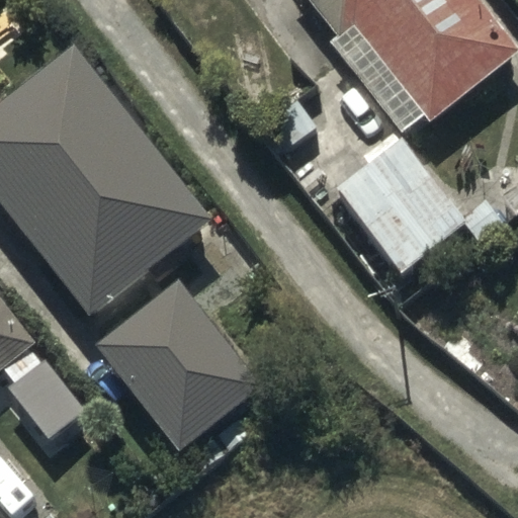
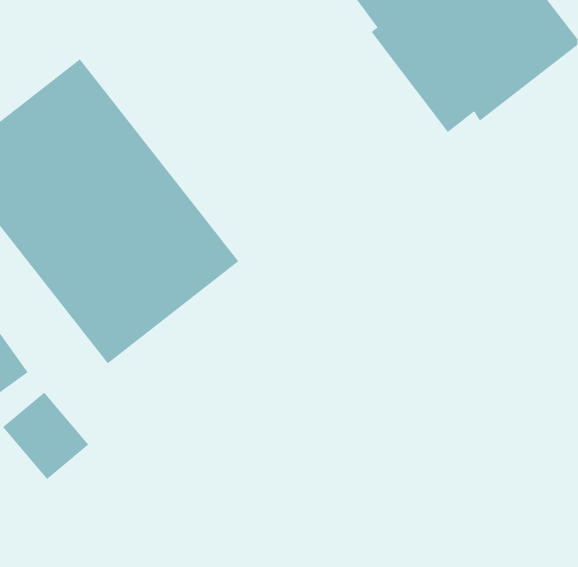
building: [330,123,493,257] -> none
building: [98,288,261,454] -> none

